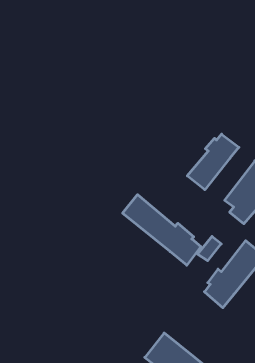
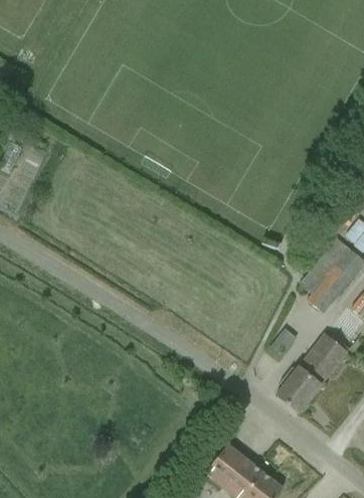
building: [187,134,239,190] -> none
building: [123,195,201,265] -> none

